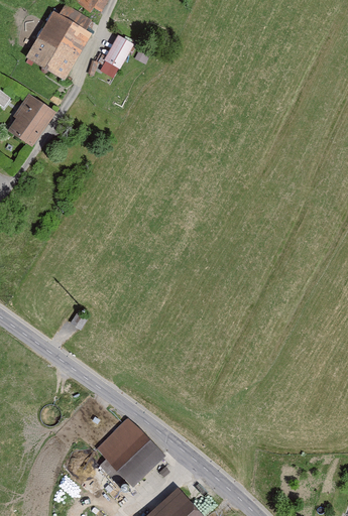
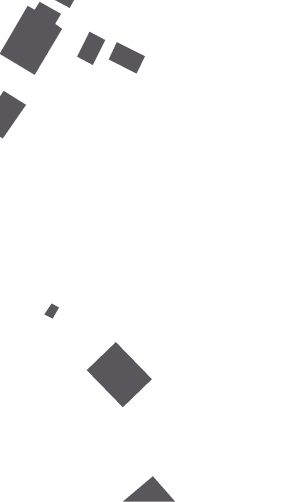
building: none -> [108,41,146,74]
building: [96,418,163,486] -> [86,341,153,408]

